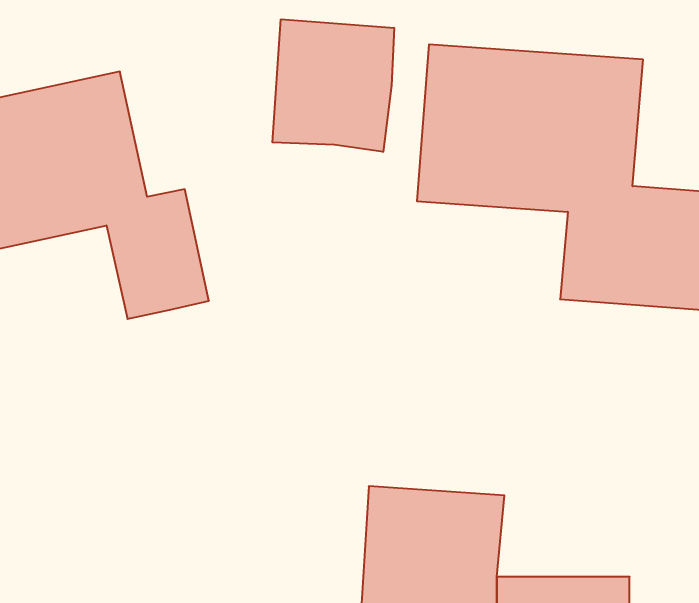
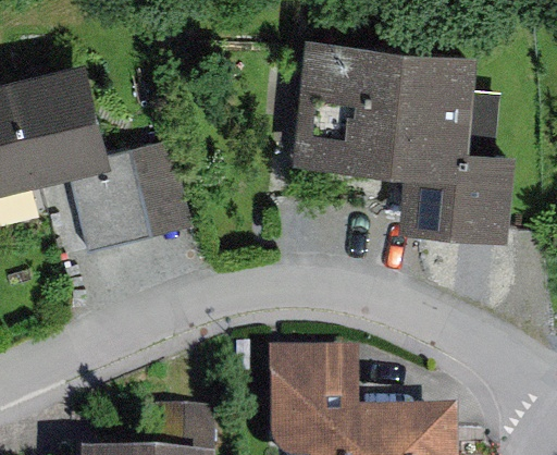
building: [272,19,394,152] -> none

